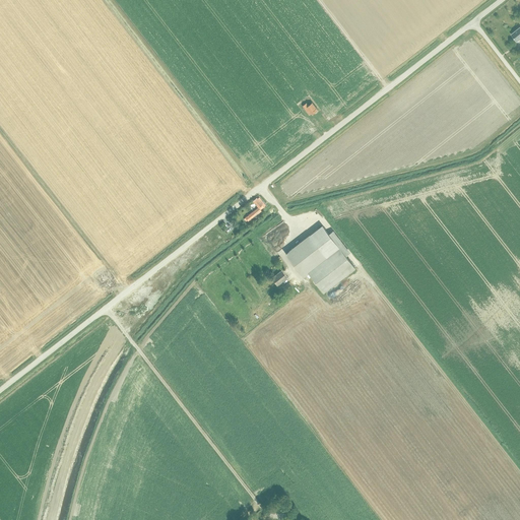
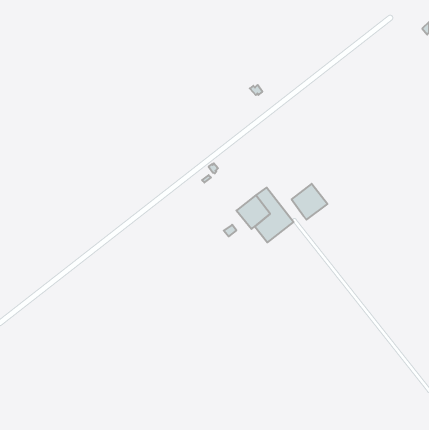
building: none -> [292,184,327,220]

